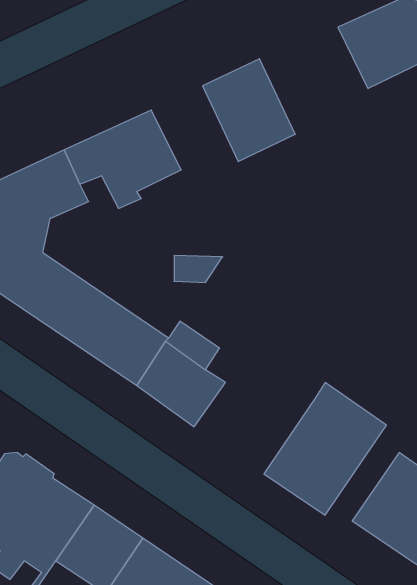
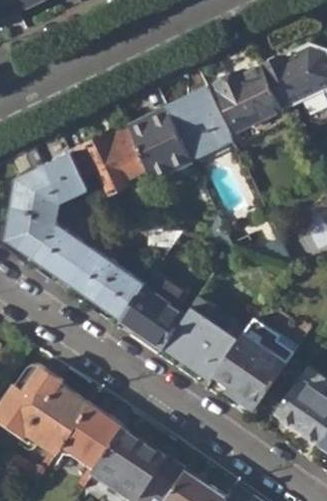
building: none -> [220,66,284,130]
building: none -> [131,108,193,179]
building: none -> [161,295,247,381]

